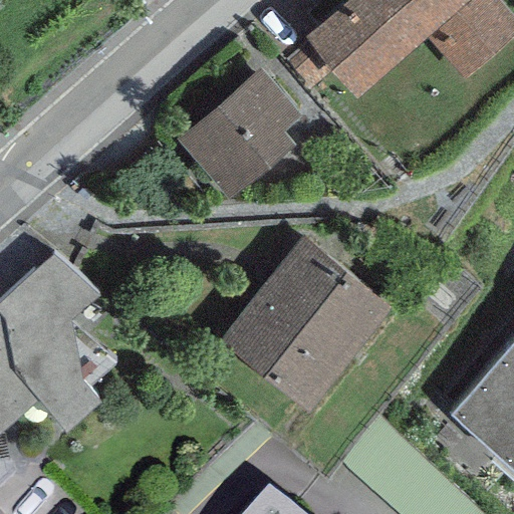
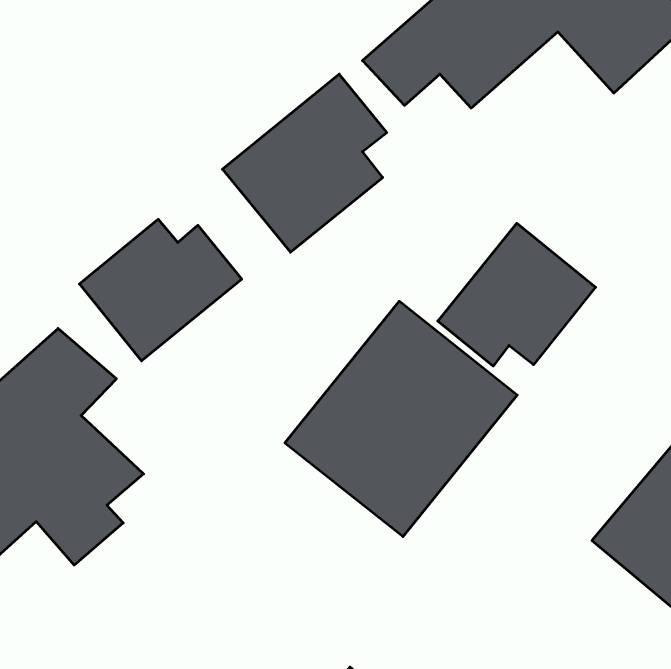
building: none -> [79,219,242,361]
building: none -> [438,223,596,366]

